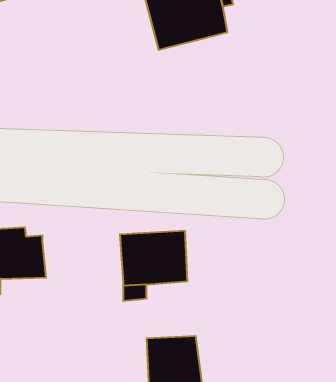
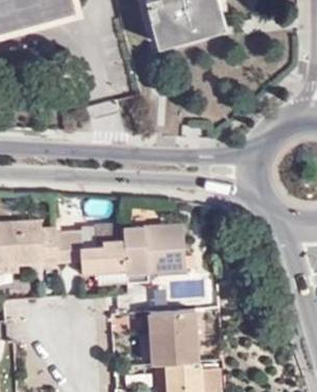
building: none -> [56,233,127,274]

